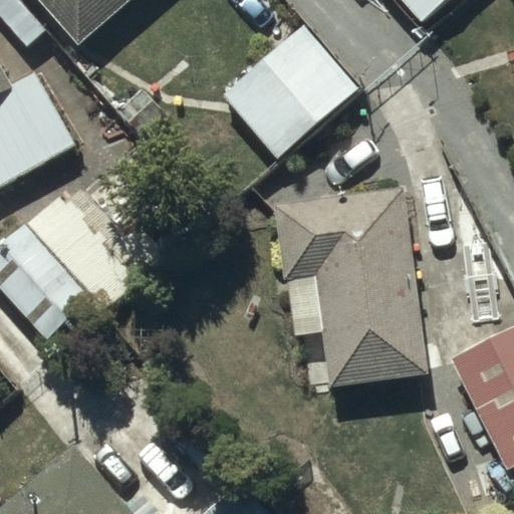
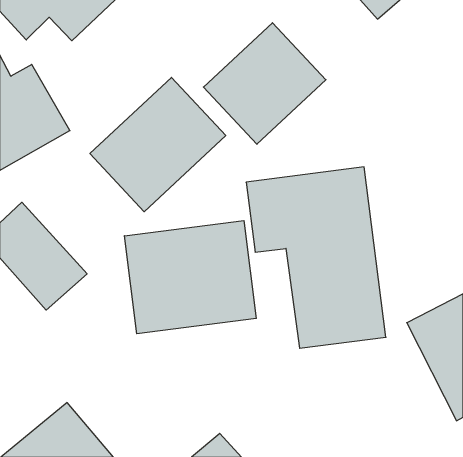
building: none -> [90,77,226,212]
building: none -> [124,221,256,334]

